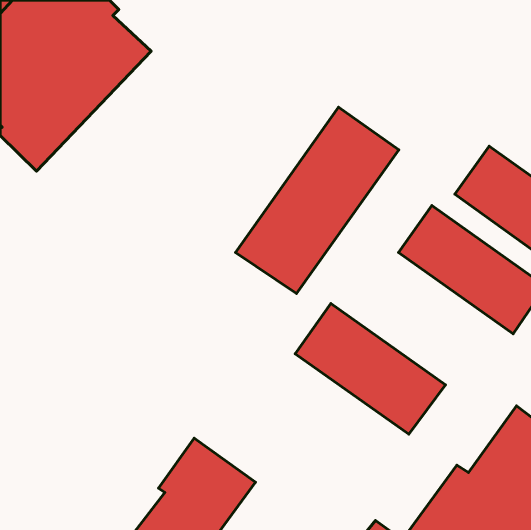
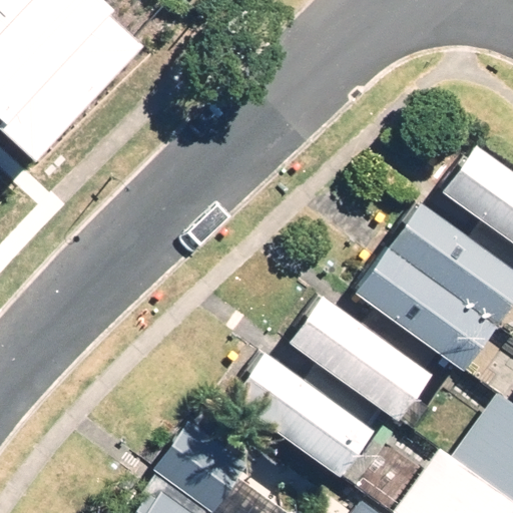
building: [235,107,399,294] -> none
building: none -> [352,245,495,370]
building: none -> [230,351,371,474]

